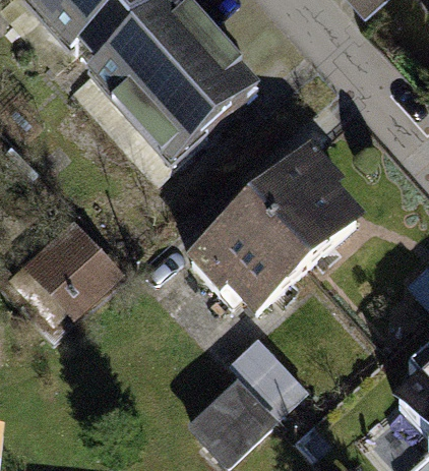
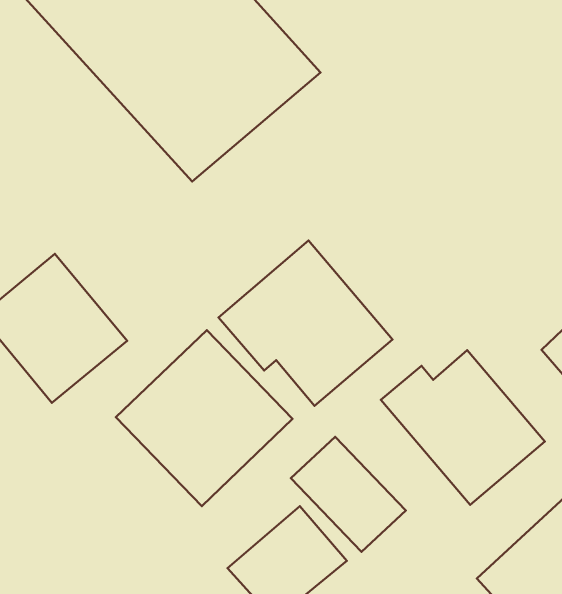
building: [246,141,360,267] -> none
building: none -> [116,330,293,506]
building: none -> [381,350,545,505]

